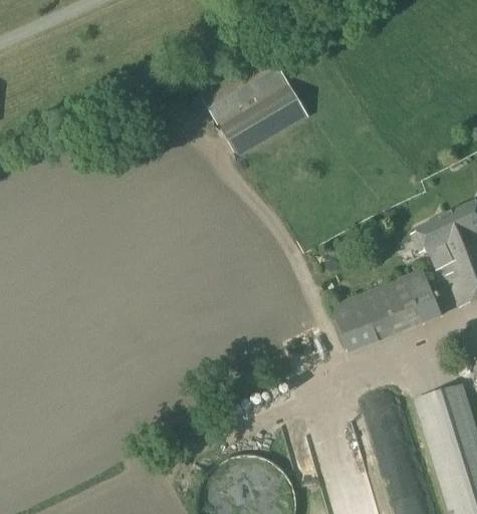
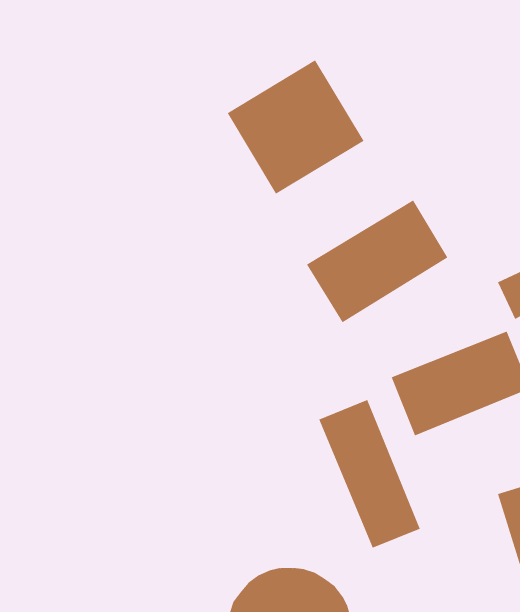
building: none -> [306,199,448,323]
building: none -> [319,399,421,549]

